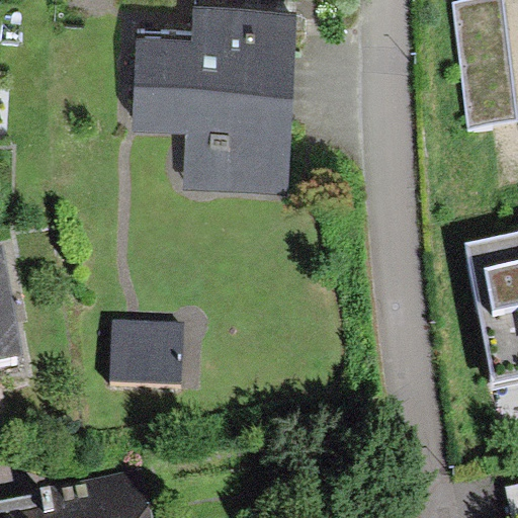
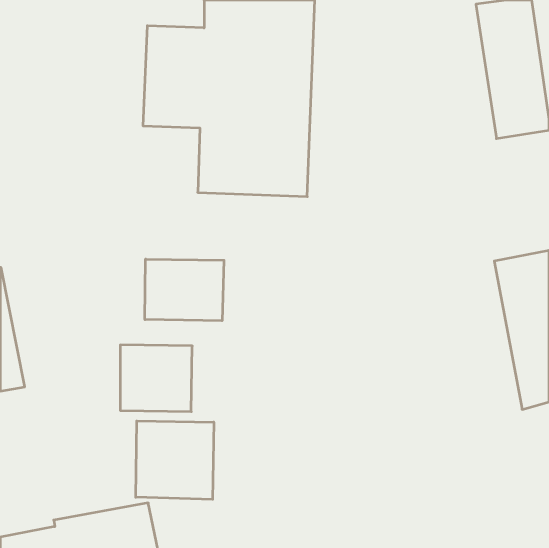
building: none -> [145,259,224,321]
building: none -> [136,421,214,499]

